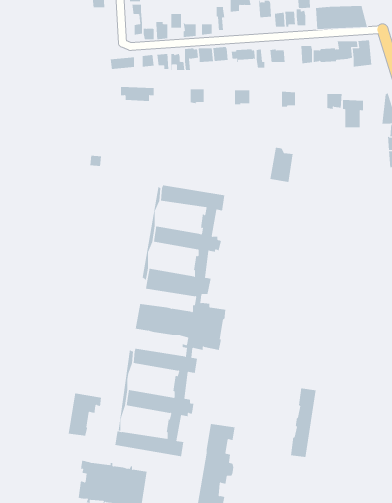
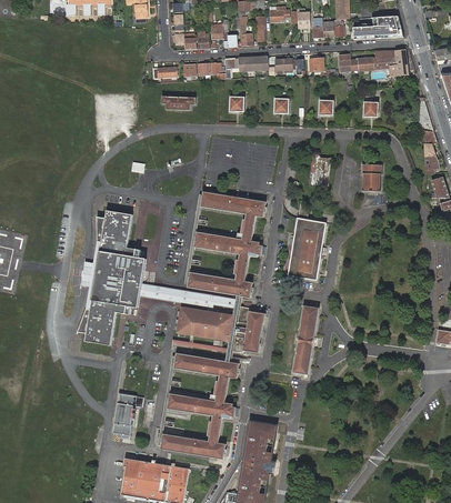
building: [342,99,364,128] -> [361,164,382,192]
building: none -> [79,209,235,344]
building: none -> [287,217,325,280]
building: [290,388,317,458] -> [293,302,319,370]

